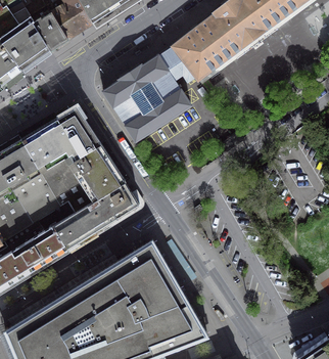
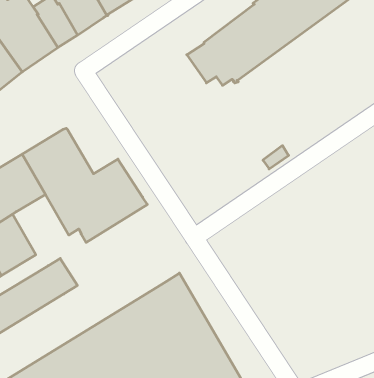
building: [102,55,190,141] -> none
building: [58,106,100,155] -> none
building: [12,173,59,223] -> none
building: [52,181,138,249] -> none

